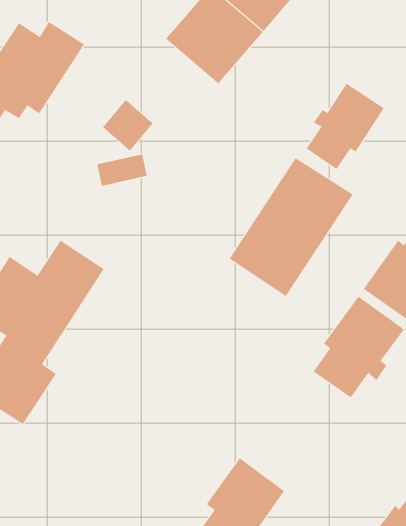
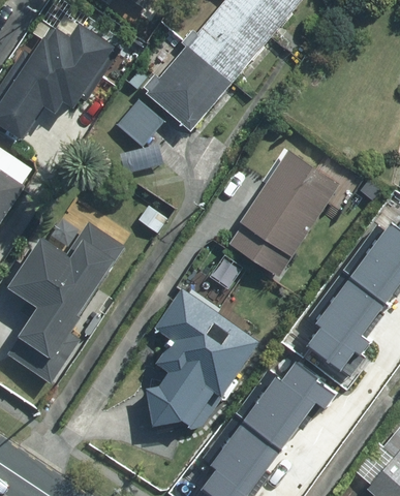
building: none -> [137,44,225,132]
building: [306,83,384,170] -> none
building: none -> [145,281,265,429]
building: none -> [245,355,335,440]

